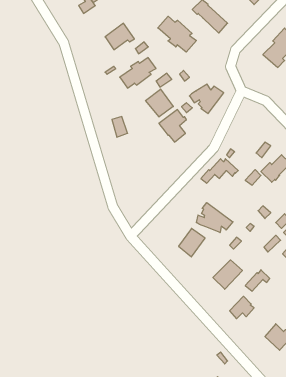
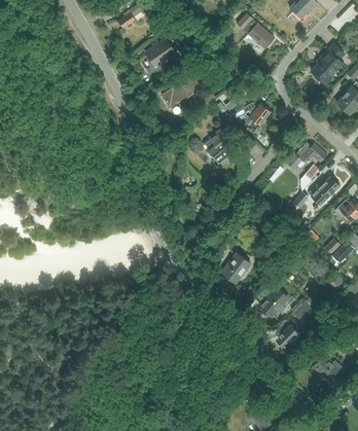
building: [158,16,196,52] -> none
building: [146,89,173,117] -> none
building: [201,159,238,183] -> [287,143,326,169]
building: [196,203,233,233] -> none

